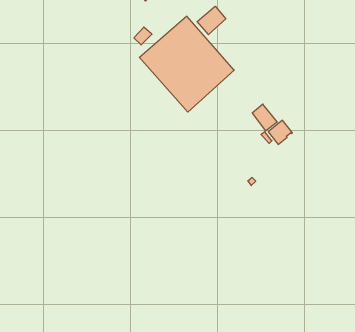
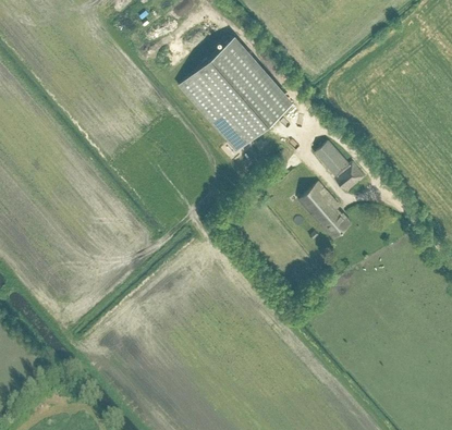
building: [197,6,226,35] -> none
building: none -> [298,182,351,239]

